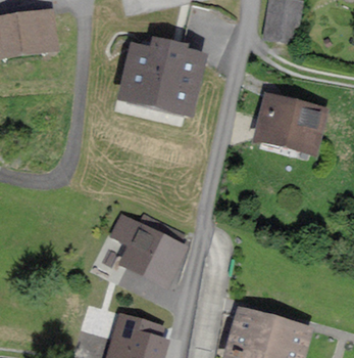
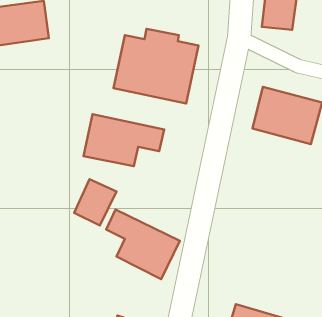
building: none -> [83,114,164,166]
building: none -> [74,179,116,226]

